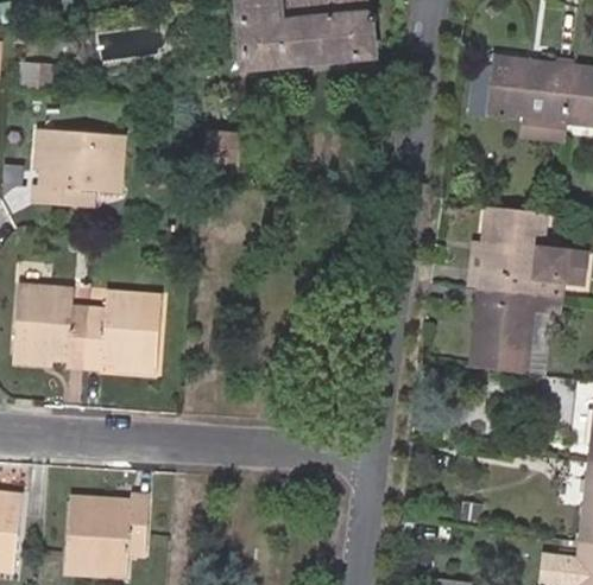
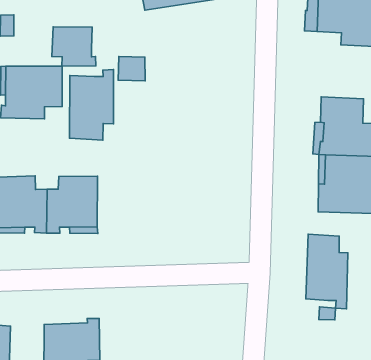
building: none -> [52,27,96,66]
building: none -> [69,69,113,140]
building: none -> [306,234,348,309]

